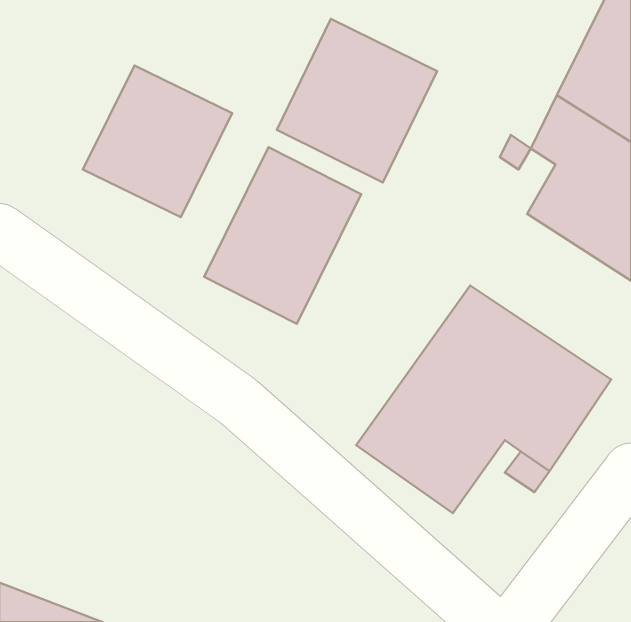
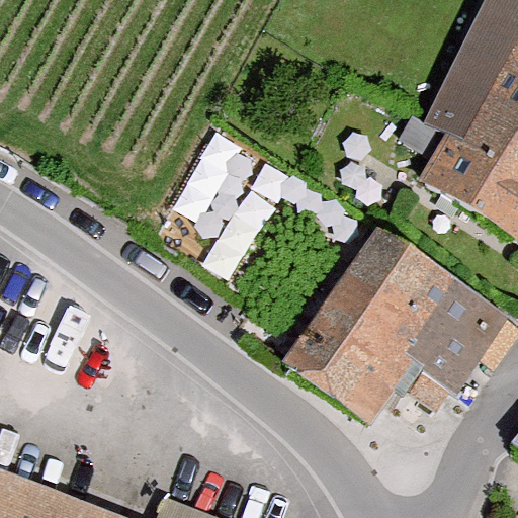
building: [277,19,437,182] -> none
building: [83,65,232,217] -> none

